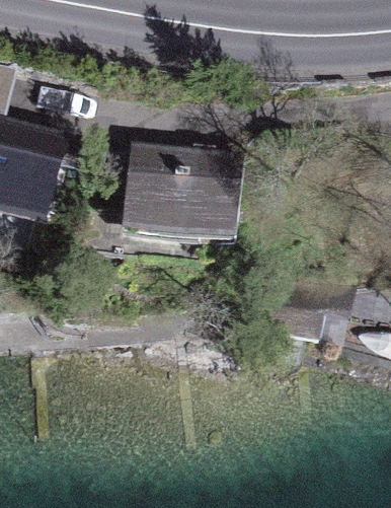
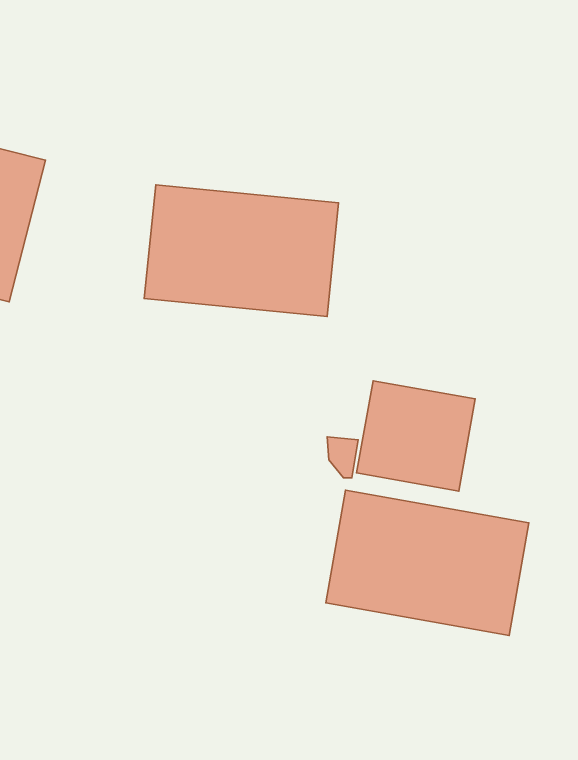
building: none -> [326,490,529,635]

